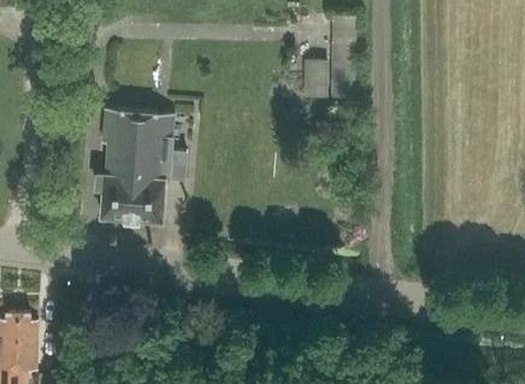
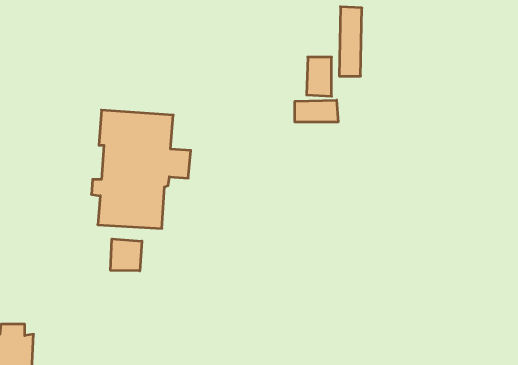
building: none -> [295,100,338,122]
building: none -> [111,239,142,271]

